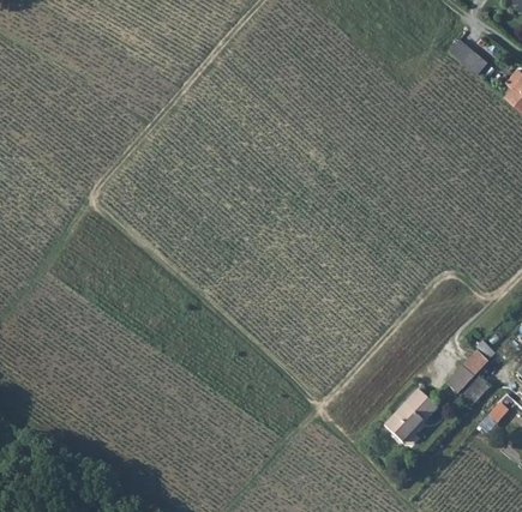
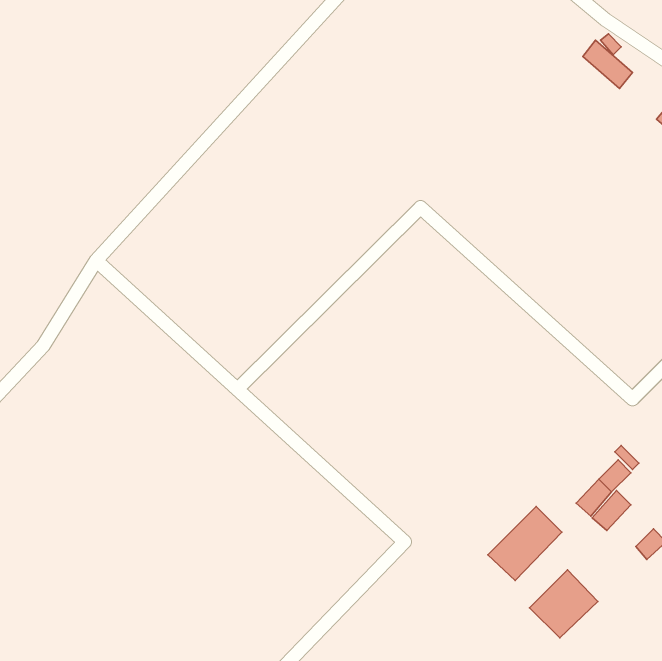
building: none -> [530,570,598,638]

